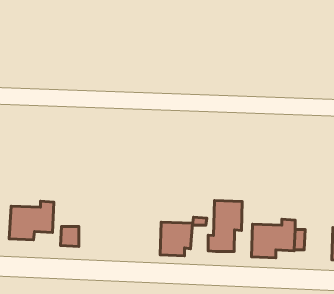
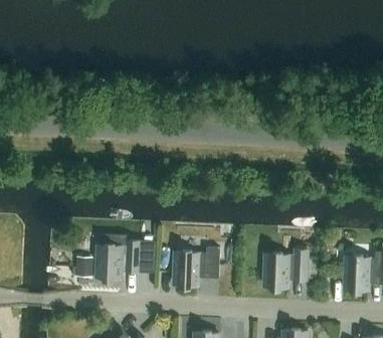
building: [208,201,242,252] -> none
building: [9,201,54,240] -> [97,240,141,279]

